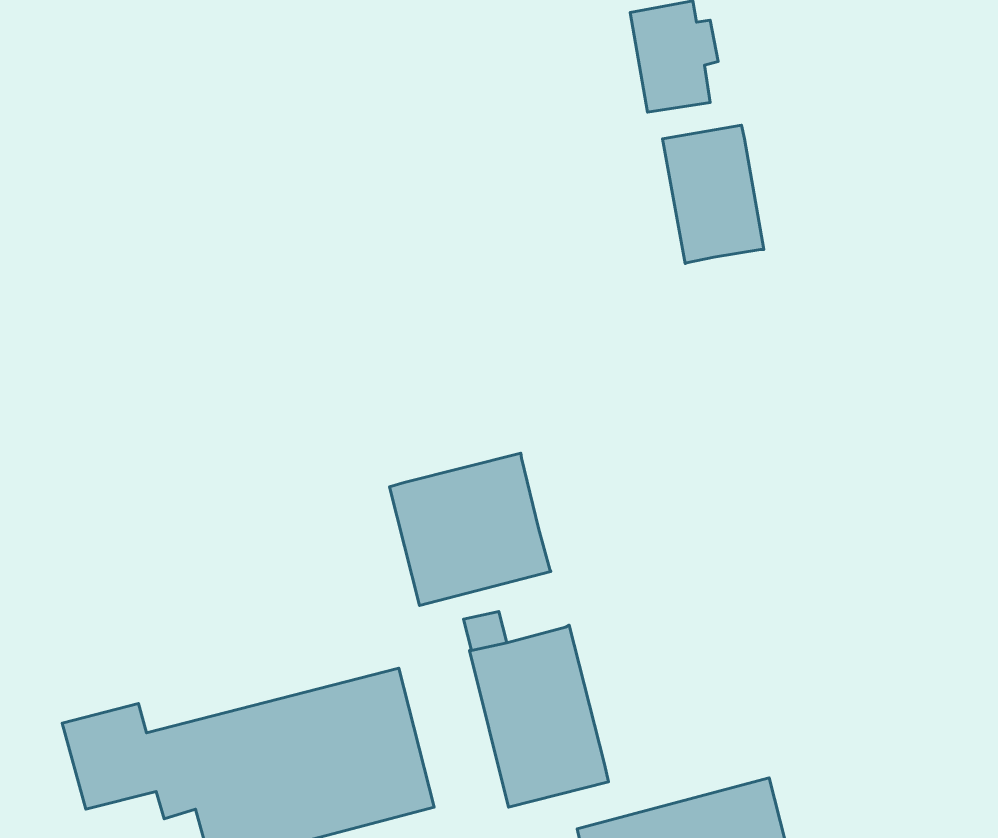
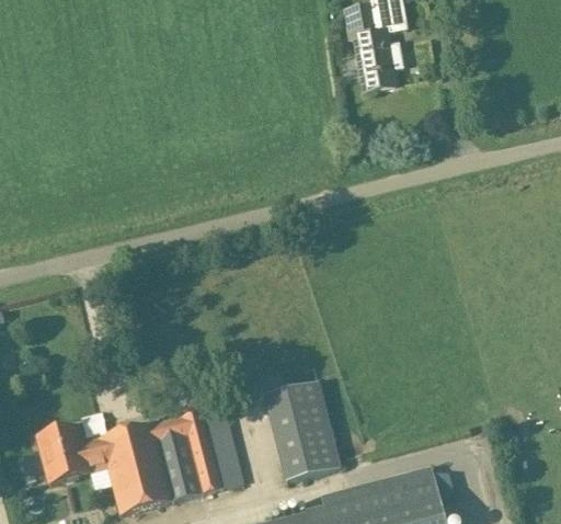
building: [663,125,764,263] -> none
building: [390,453,551,606] -> none

